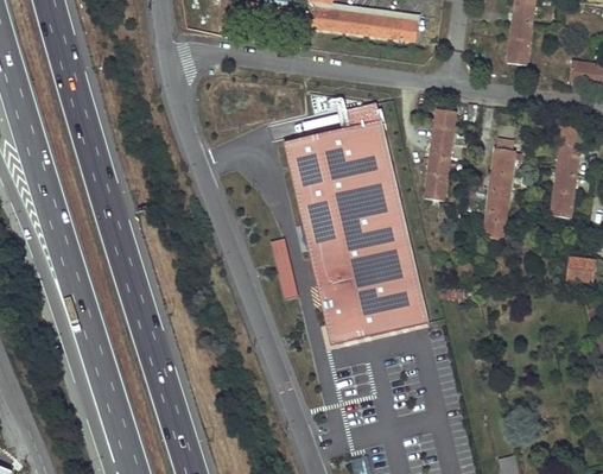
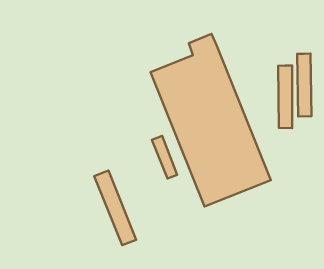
building: [424,108,456,200] -> [278,65,292,128]
building: none -> [94,170,136,245]

